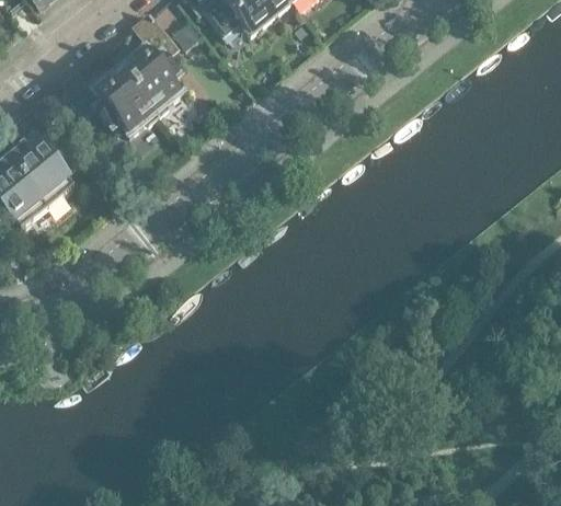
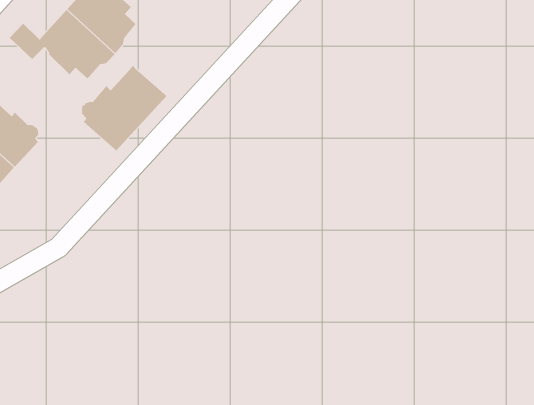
building: none -> [82,65,167,152]

